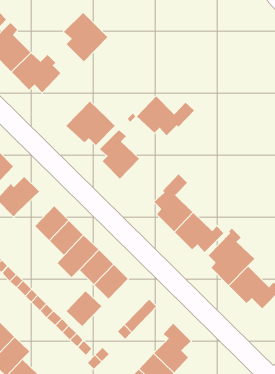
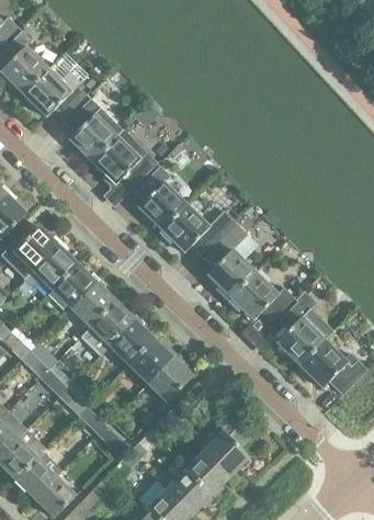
building: [63,12,108,62] -> [66,98,123,161]
building: [136,96,195,136] -> [161,203,236,255]
building: none -> [24,245,78,290]
building: [66,291,102,327] -> [147,355,193,402]

